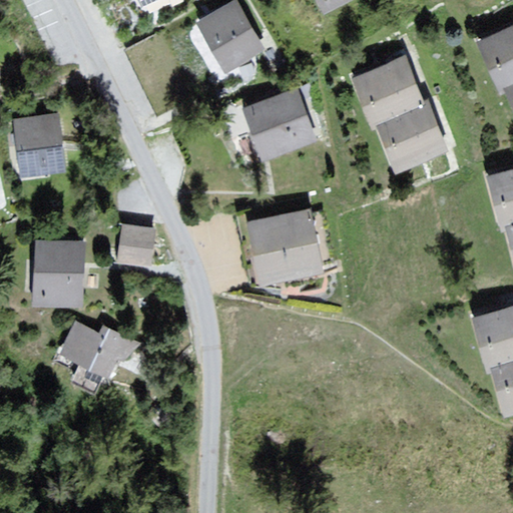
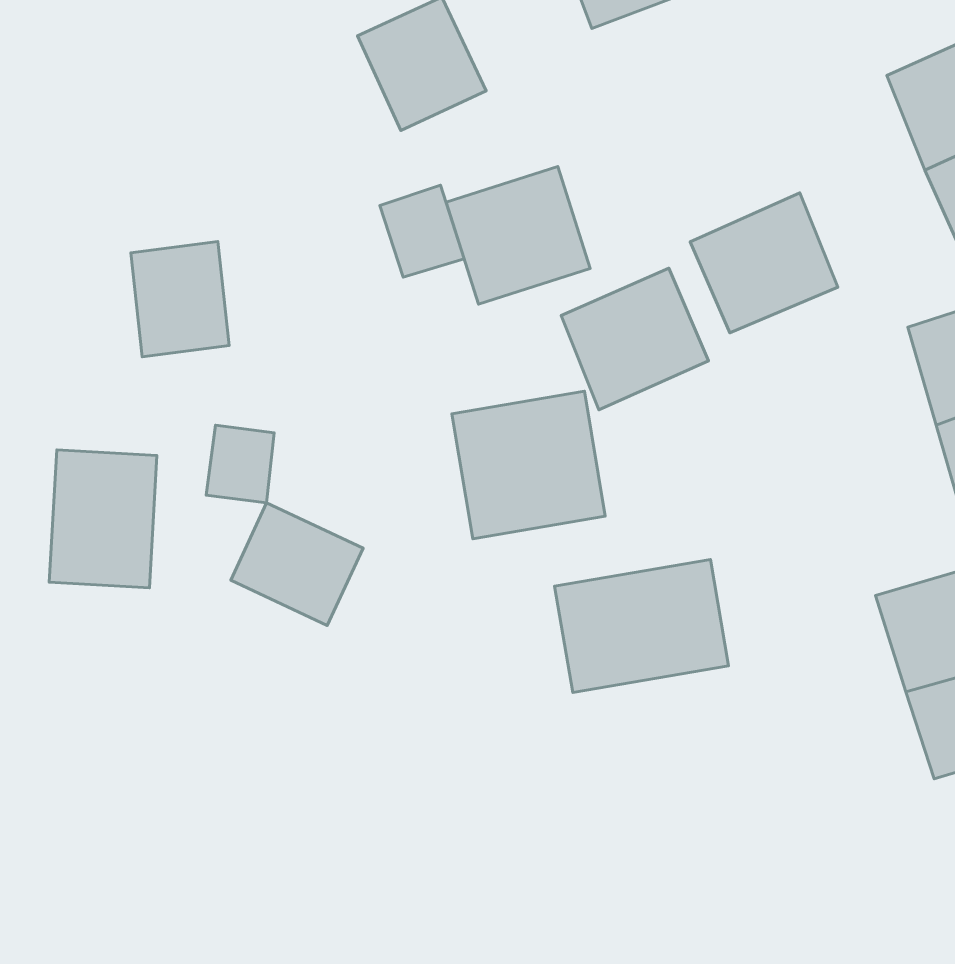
building: [352,53,430,128] -> [561,268,709,410]
building: none -> [380,185,464,277]
building: [11,115,63,176] -> [131,241,229,357]
building: none -> [555,559,729,692]
building: [60,320,130,385] -> [231,503,363,626]

